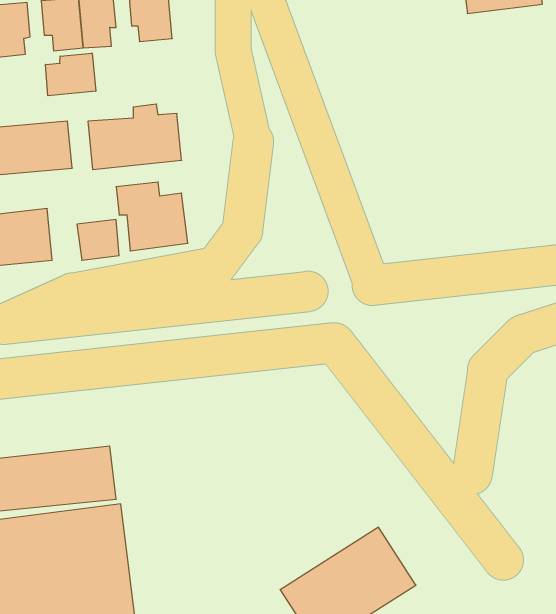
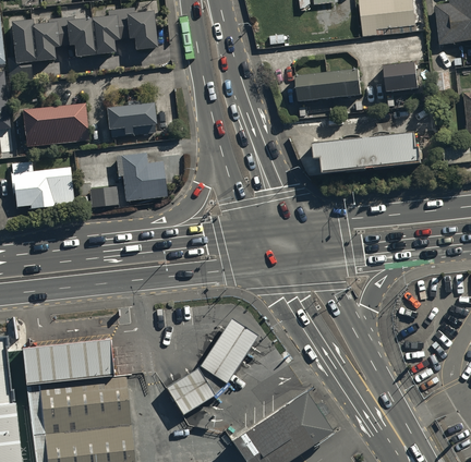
building: [45,53,96,96] -> none
building: none -> [385,64,419,94]
building: none -> [294,70,363,106]
building: none -> [314,138,418,180]
building: none -> [167,315,259,412]

